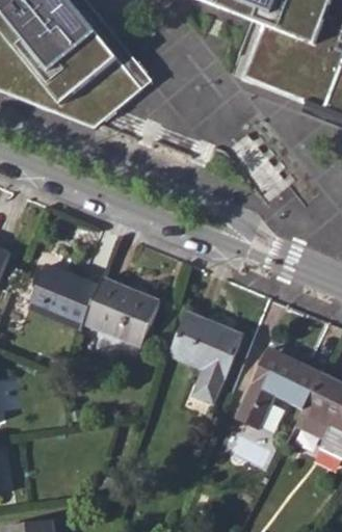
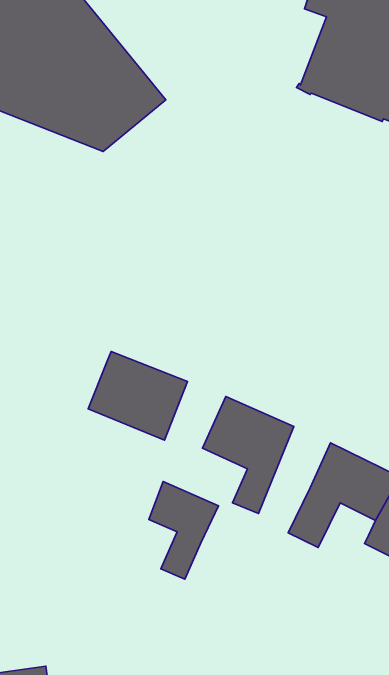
building: [28,262,98,325] -> none
building: none -> [149,481,219,579]

